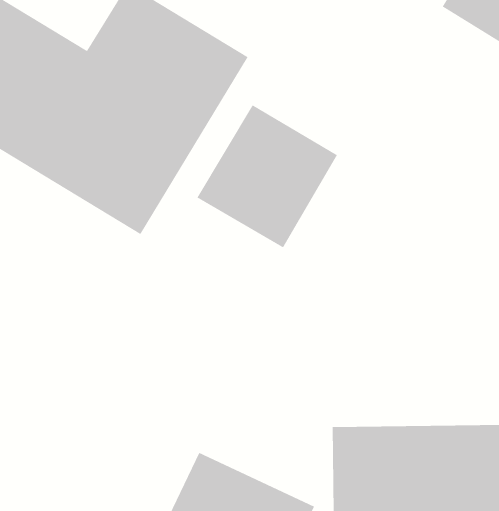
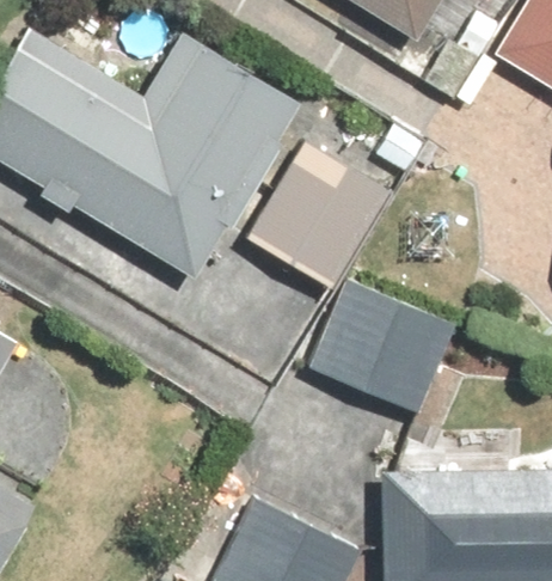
building: none -> [307,274,460,415]

